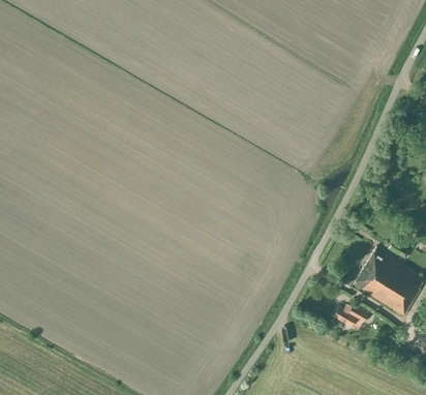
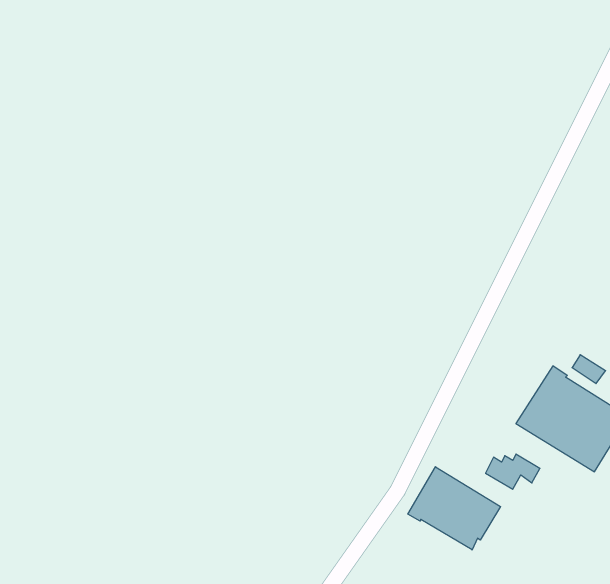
building: none -> [408,467,501,550]

